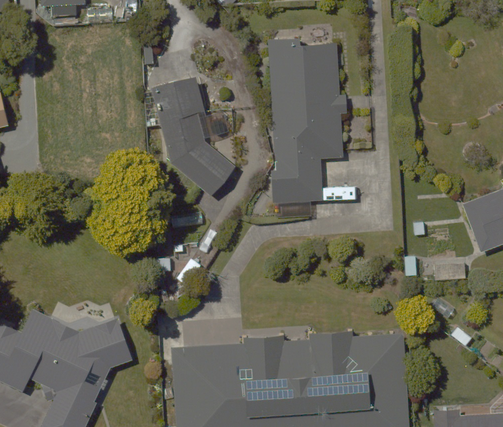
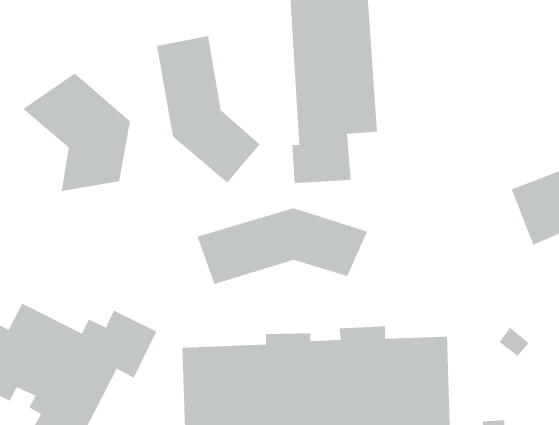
building: none -> [22,73,131,192]
building: none -> [197,207,368,285]

